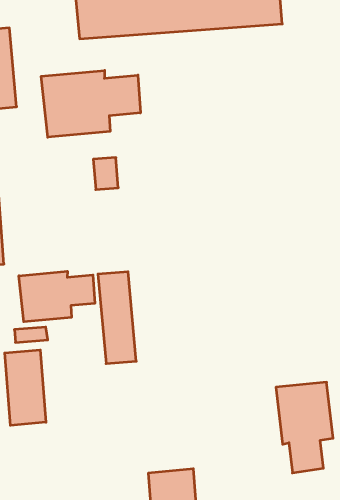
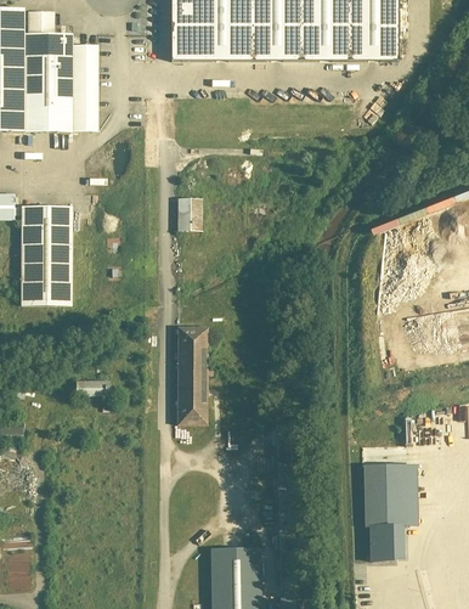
building: [41,70,140,137] -> none
building: [19,271,95,322] -> none
building: [5,350,46,425] -> none

